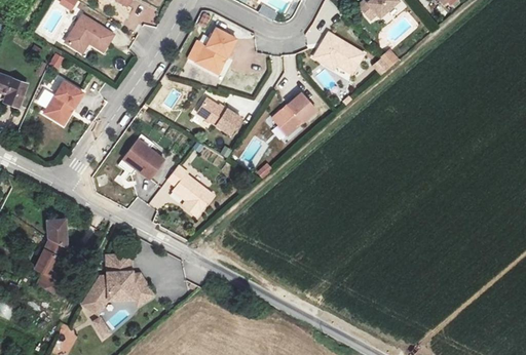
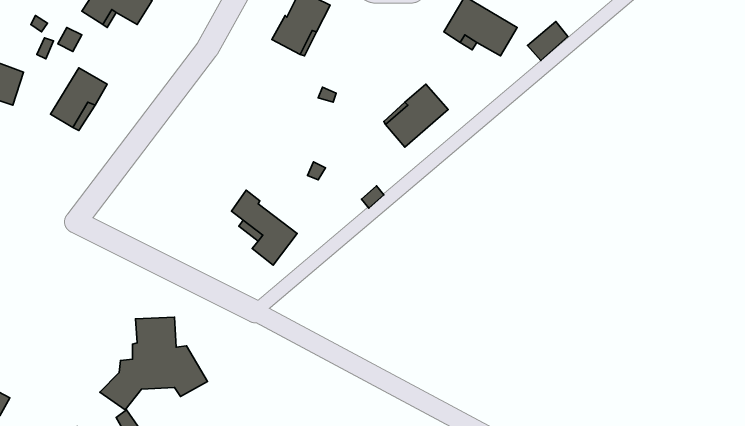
building: [196,98,240,134] -> none
building: [118,133,164,177] -> none
building: [32,220,68,295] -> none

